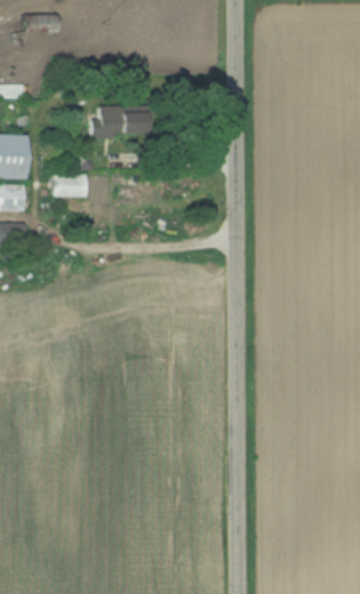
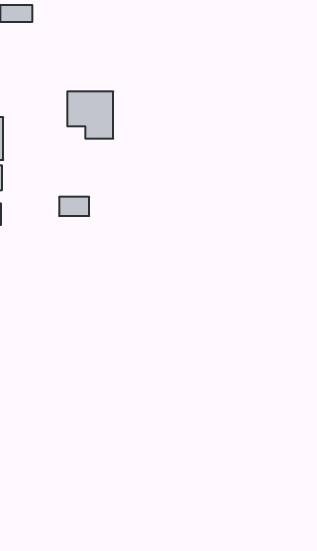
building: [54,175,86,196] -> [59,197,89,216]

